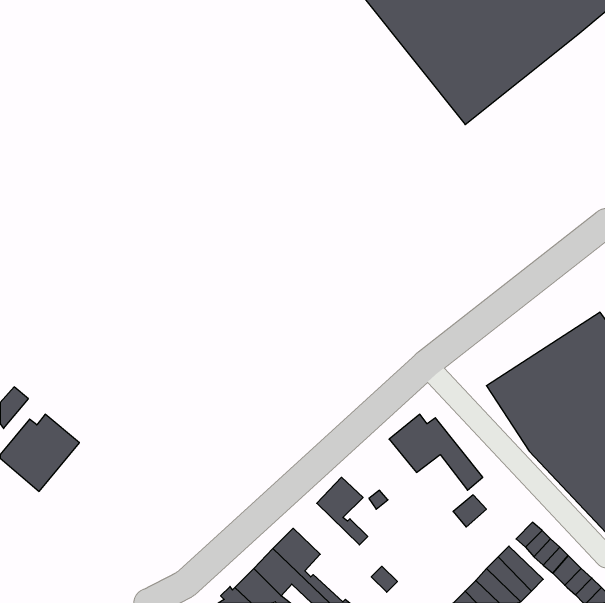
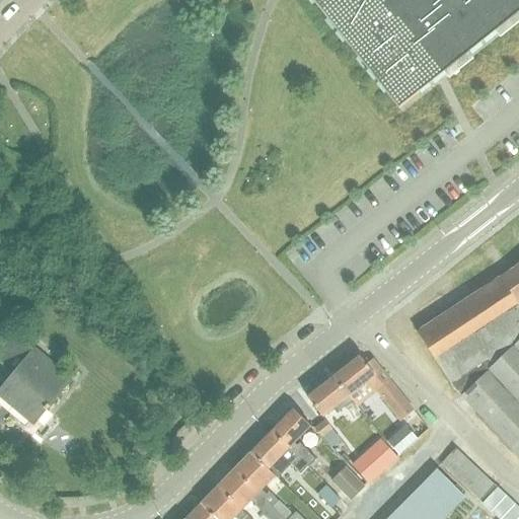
building: none -> [307,375,353,415]
building: none -> [251,430,308,476]
building: none -> [352,437,396,480]
building: none -> [332,465,365,498]

